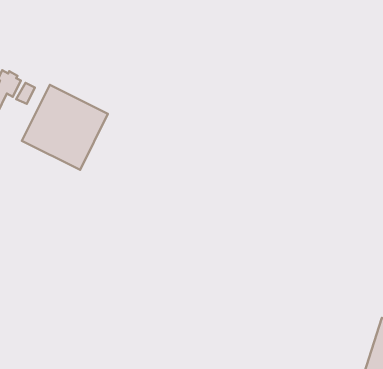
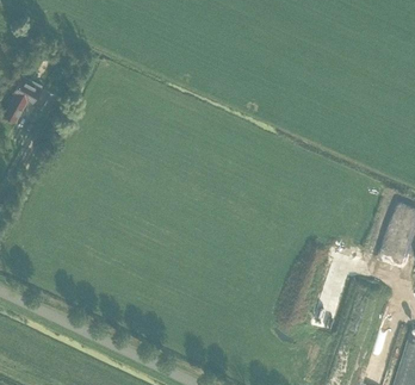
building: [22,85,108,170] -> none

